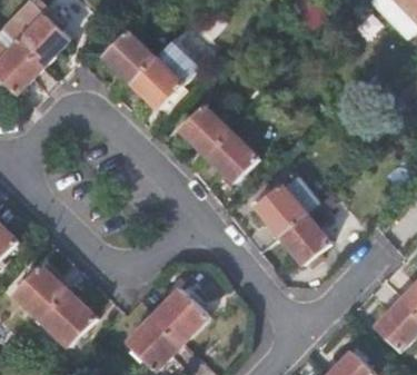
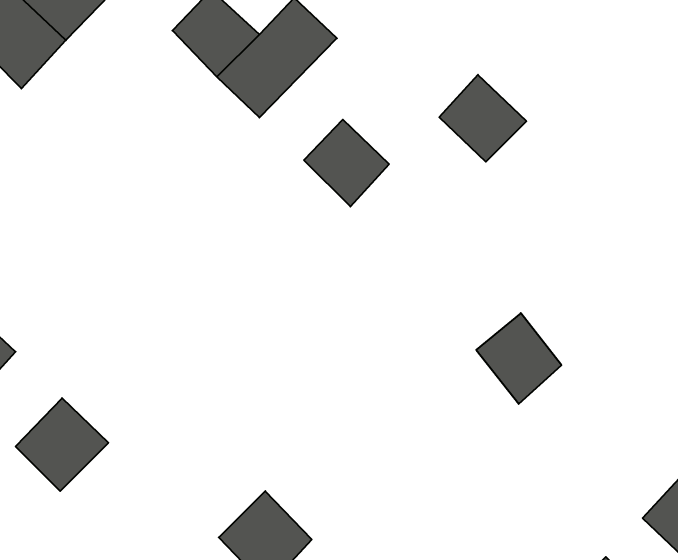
building: [206,132,256,182] -> [439,75,526,162]
building: [255,189,316,239] -> none
building: [39,293,92,347] -> none
building: [157,296,208,348] -> none

